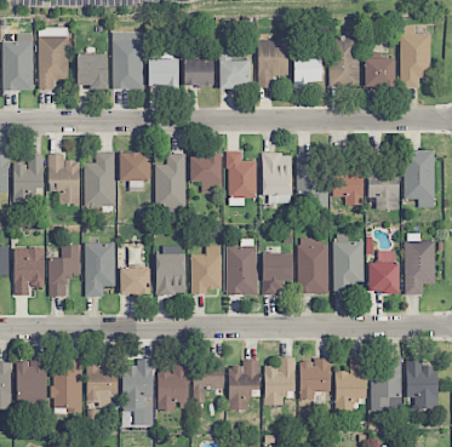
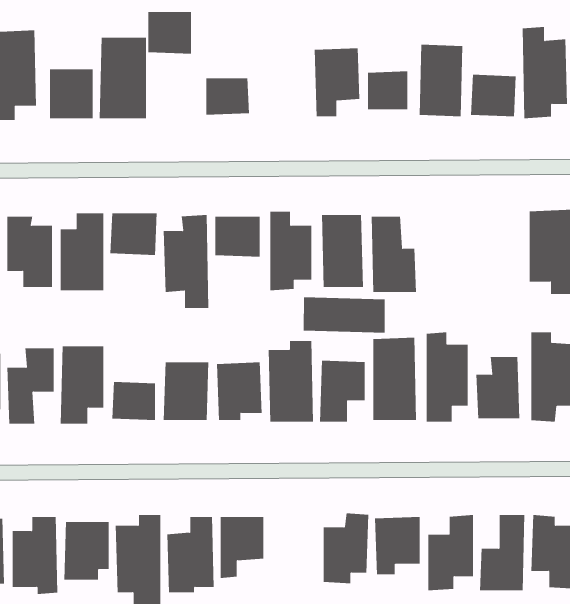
building: [218,50,250,88] -> none
building: [148,59,178,88] -> [147,12,192,54]
building: [332,168,362,205] -> none
building: [367,173,399,210] -> none
building: none -> [303,296,385,333]
building: [227,360,259,411] -> none

